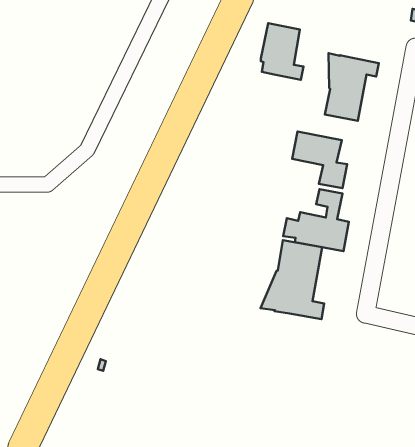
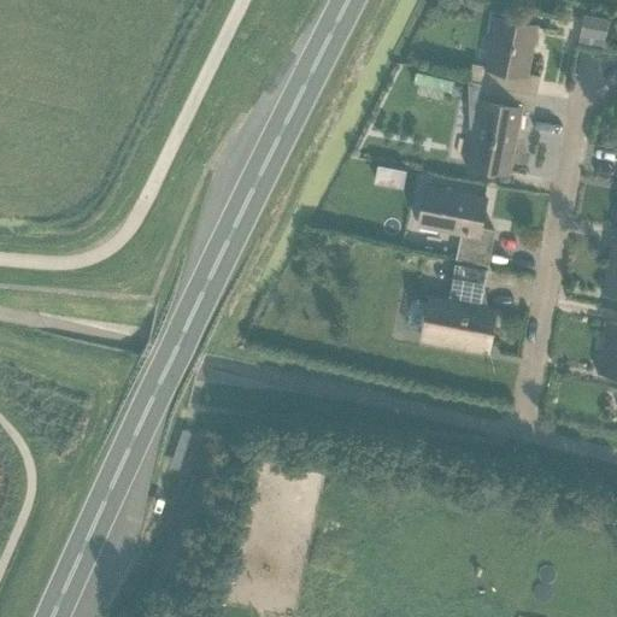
building: [261,23,303,80] -> [484,11,542,88]
building: [261,240,324,319] -> none

